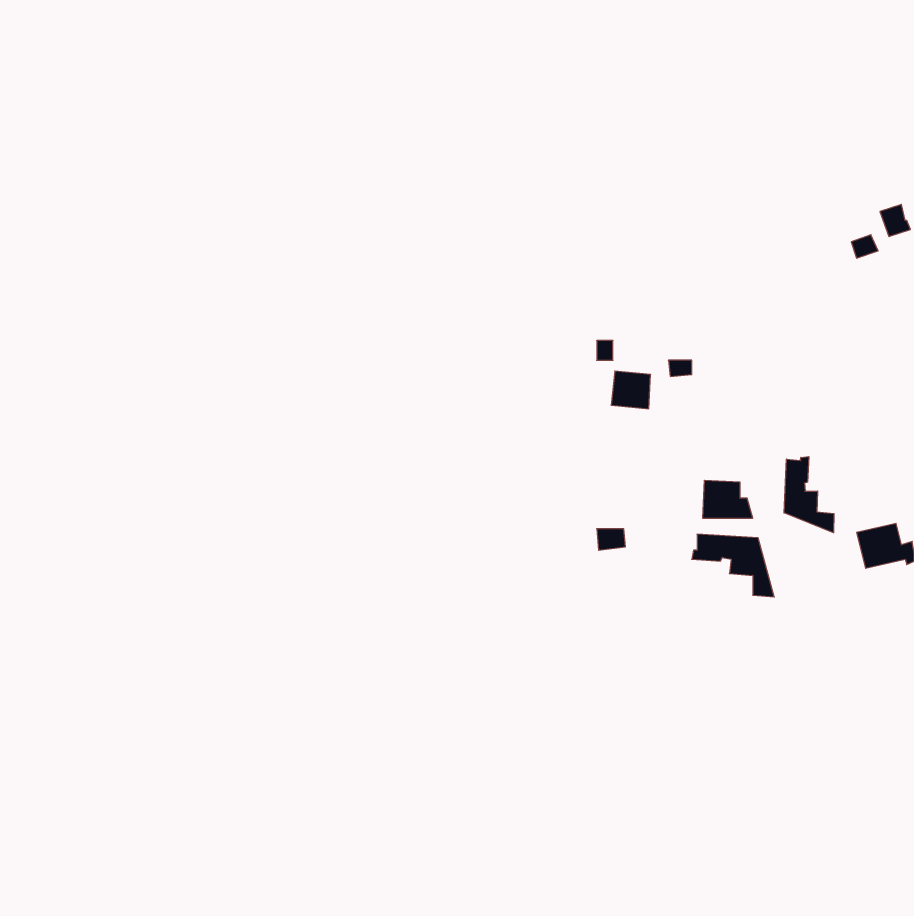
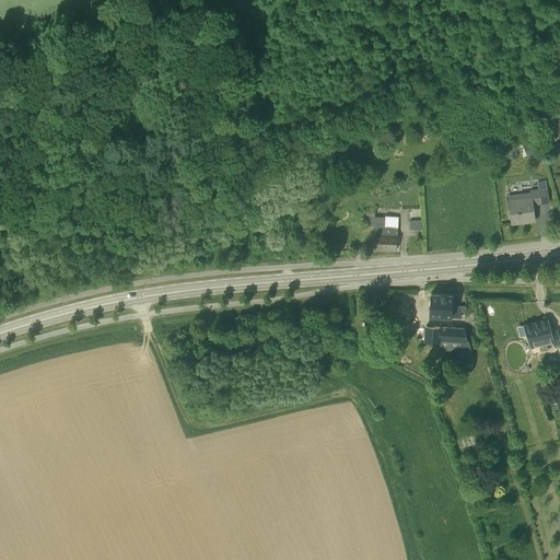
building: none -> [509,180,548,224]
building: [784,457,834,533] -> none

